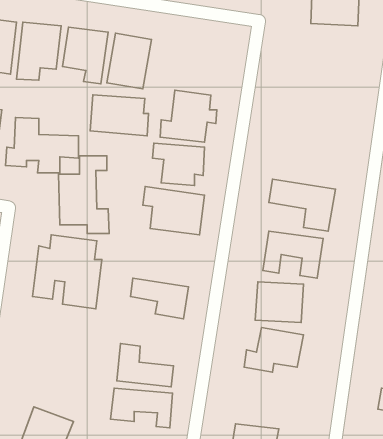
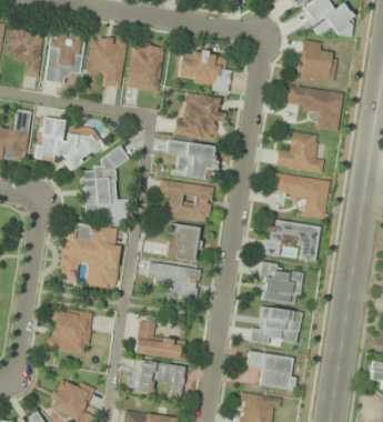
building: none -> [296,40,336,81]
building: none -> [284,84,343,130]
building: [90,95,148,136] -> [178,51,230,88]
building: none -> [275,131,323,172]
building: none -> [164,222,203,262]
building: none -> [50,309,90,352]
building: none -> [246,351,296,390]

